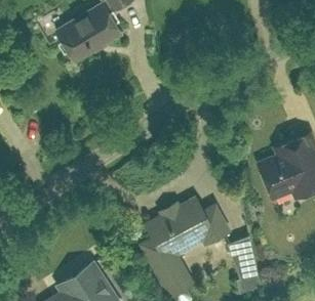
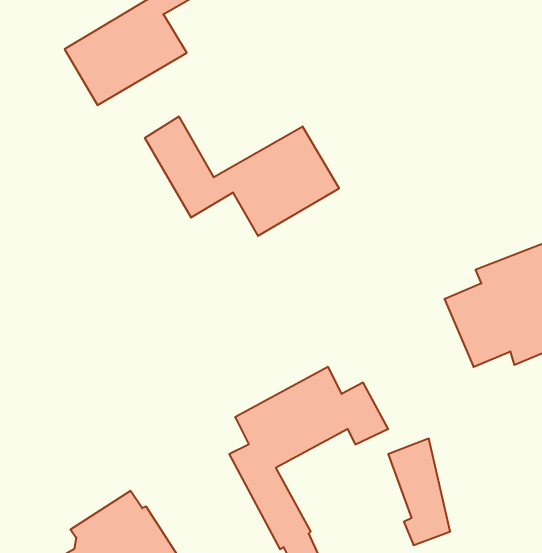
building: none -> [145,116,339,236]

